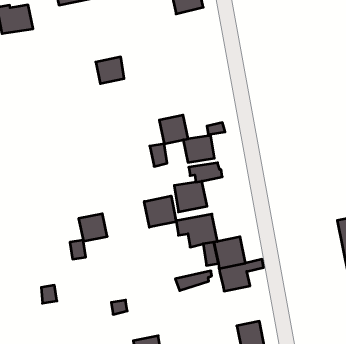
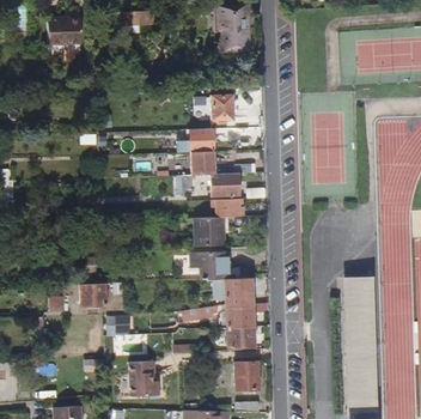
building: [96,57,124,84] -> [189,128,214,151]
building: none -> [210,96,233,120]
building: [144,196,176,227] -> none
building: [79,214,107,241] -> [81,281,106,305]
building: none -> [227,326,254,346]

